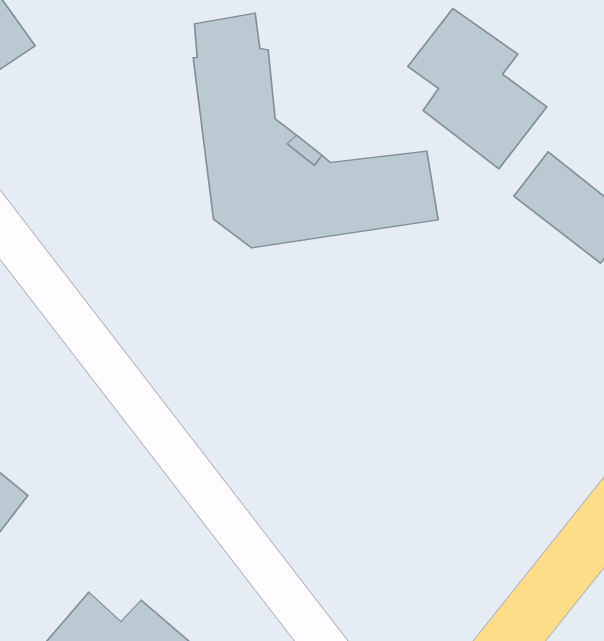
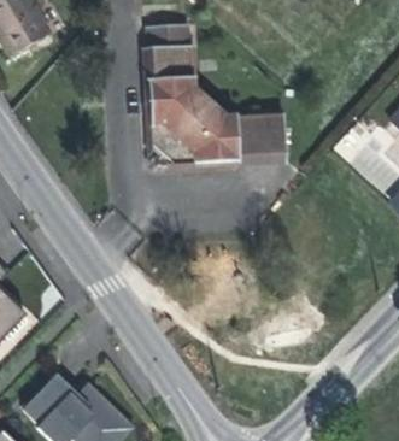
building: [408,8,547,169] -> none

